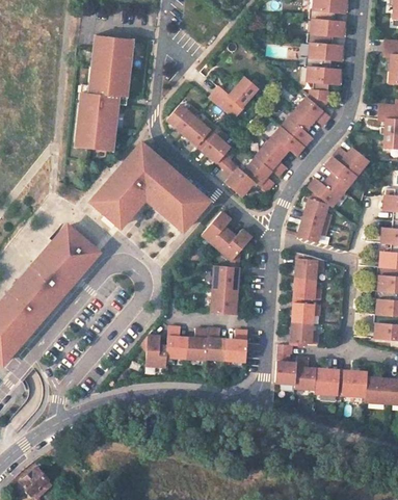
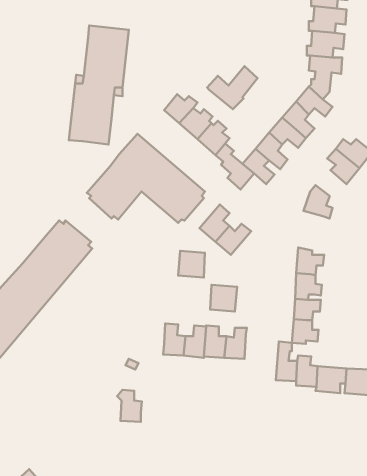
building: [309,178,344,207] -> none
building: [297,217,327,241] -> none
building: [213,265,239,291] -> [178,251,205,278]
building: [143,335,167,366] -> [117,390,142,422]

